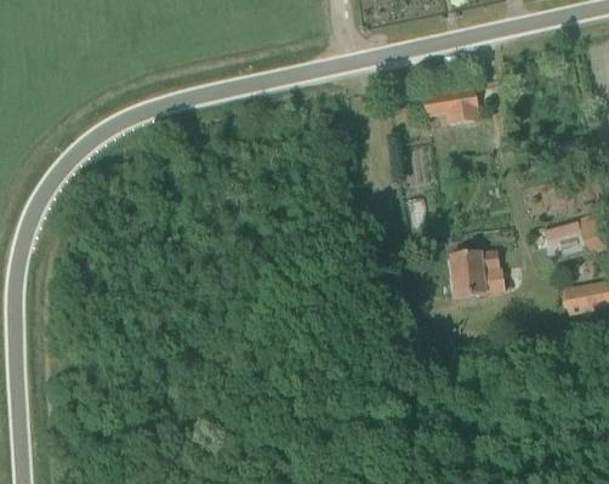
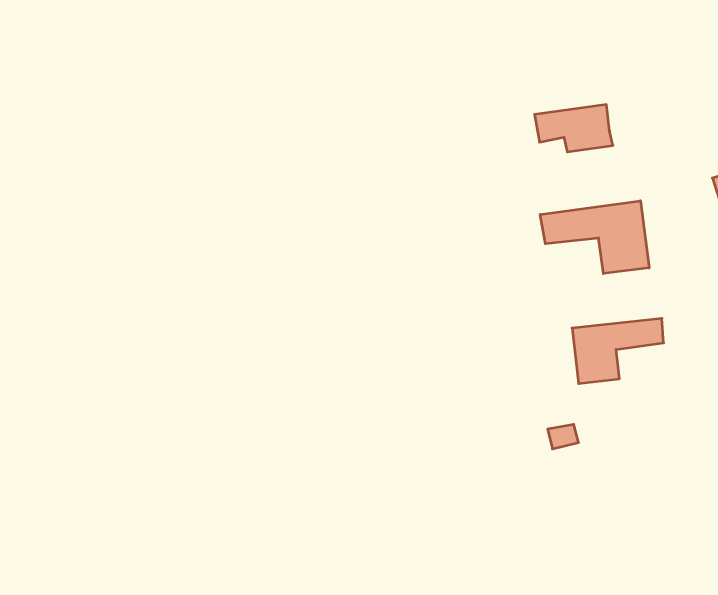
building: none -> [540,201,649,274]

